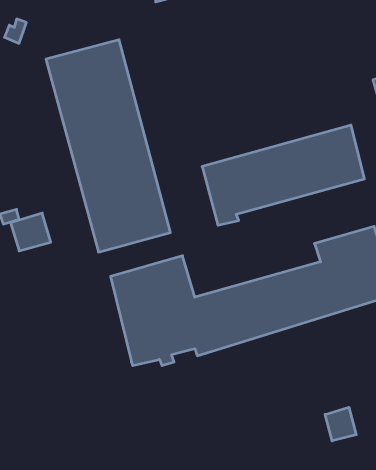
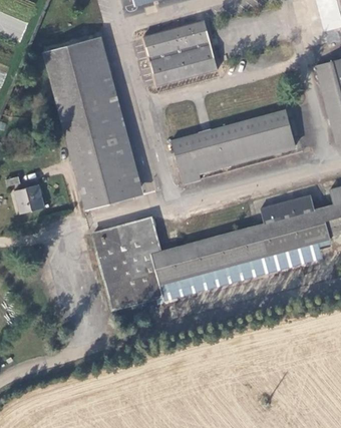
building: none -> [142,21,216,88]
building: [325,407,356,441] -> none

